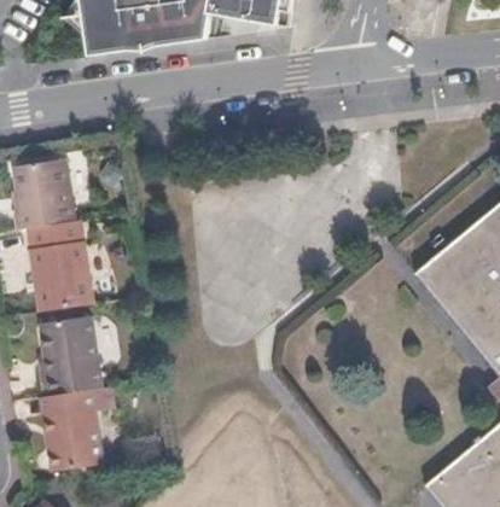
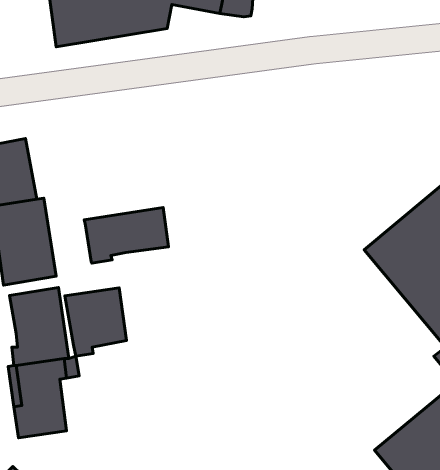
building: none -> [84,208,168,263]
building: none -> [65,288,127,356]

